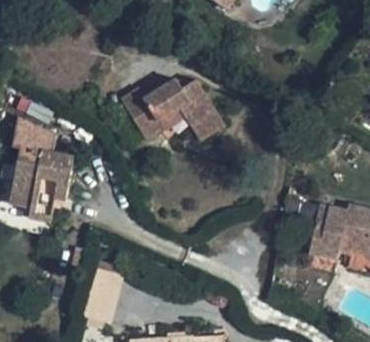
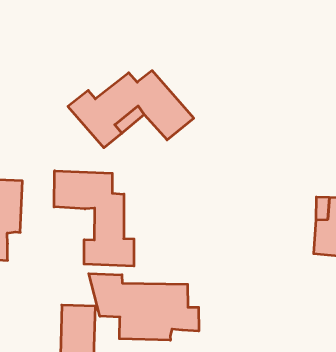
building: none -> [54,171,134,266]
building: none -> [89,274,199,340]

